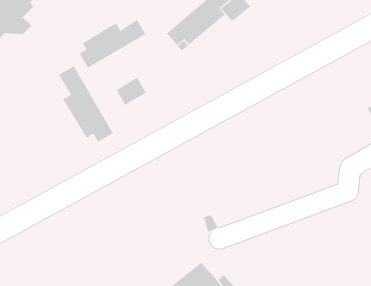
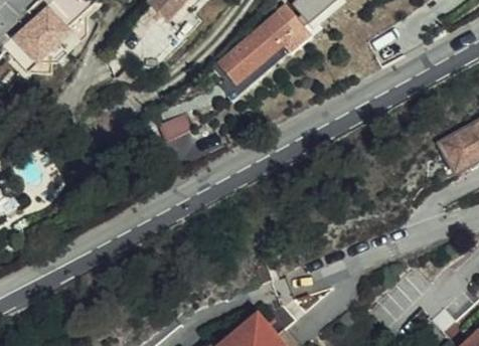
building: [79,19,146,69] -> none
building: [58,65,114,143] -> none

